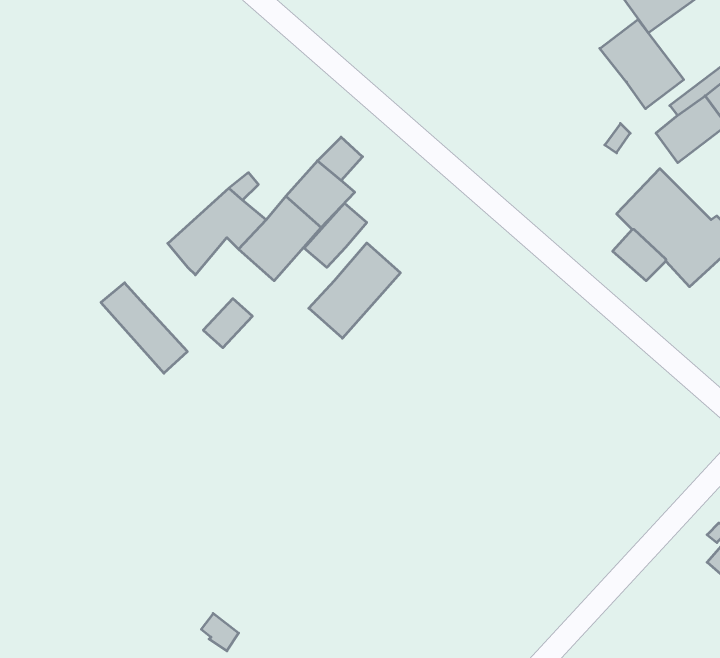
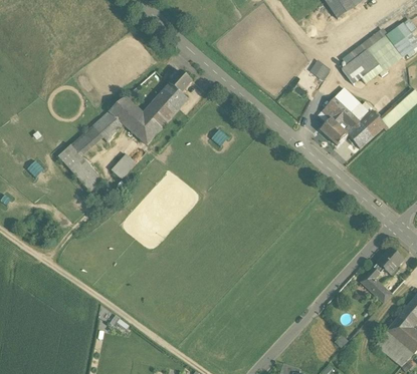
building: [600,19,684,109] -> none
building: [304,203,367,267] -> none
building: [309,243,400,338] -> none
building: none -> [69,125,101,156]

